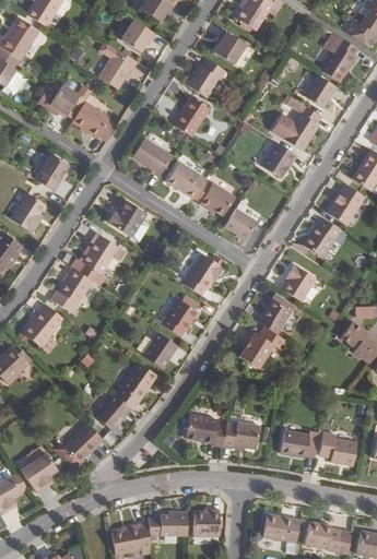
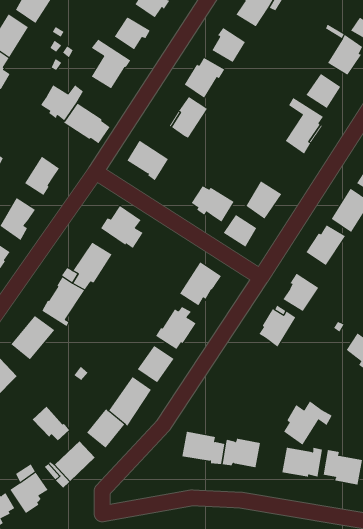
building: [260,141,295,178] -> [245,181,282,220]
building: [166,162,204,198] -> none
building: [238,325,285,368] -> [283,401,333,445]
building: none -> [32,406,70,441]

